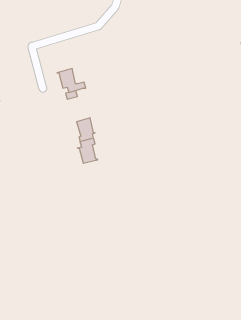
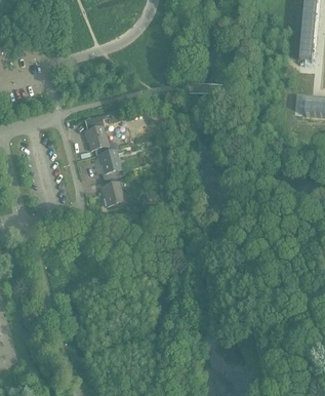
building: [57,69,86,92] -> [84,124,119,153]

